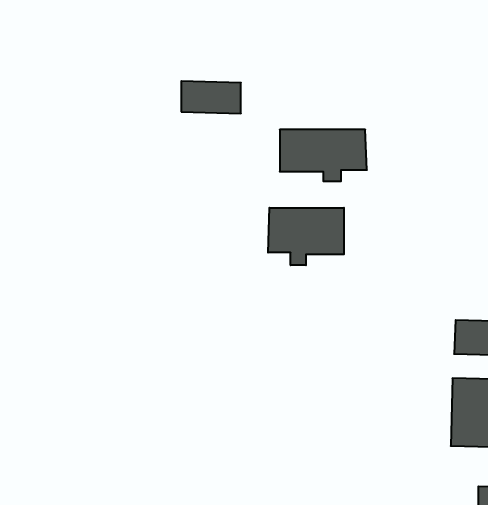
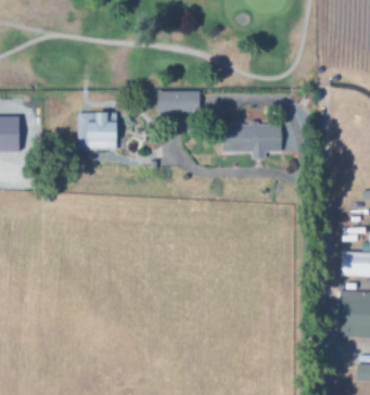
building: none -> [78,112,116,149]
building: [268,208,344,265] -> none

